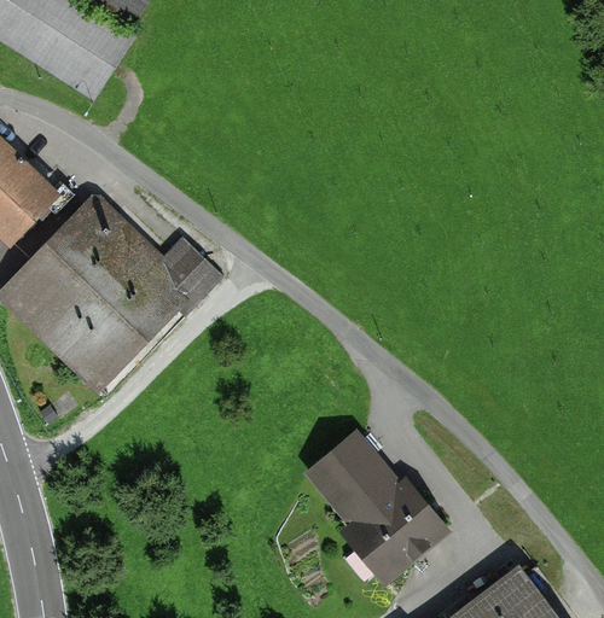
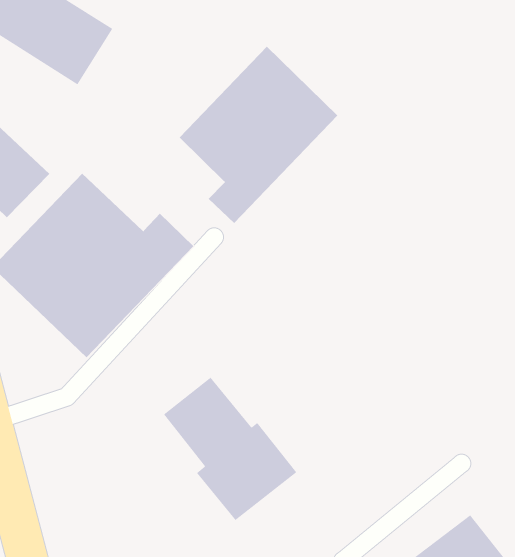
building: none -> [179,46,338,224]
building: [306,432,452,589] -> [163,377,297,521]

